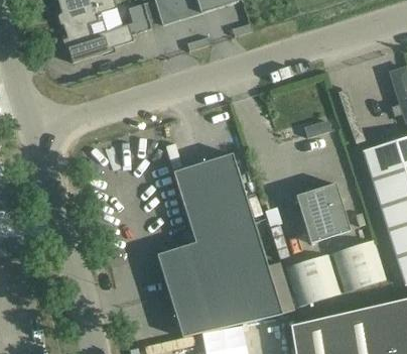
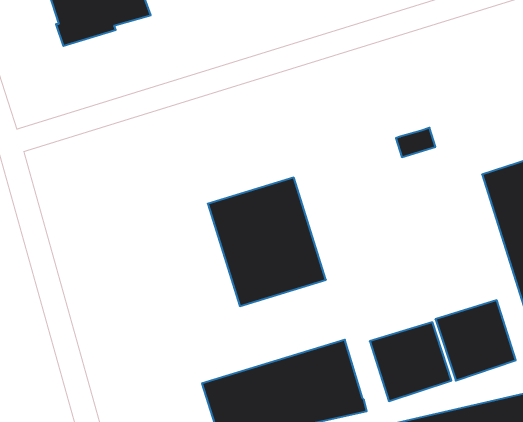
building: [296,180,351,243] -> none
building: [156,224,268,296] -> none

